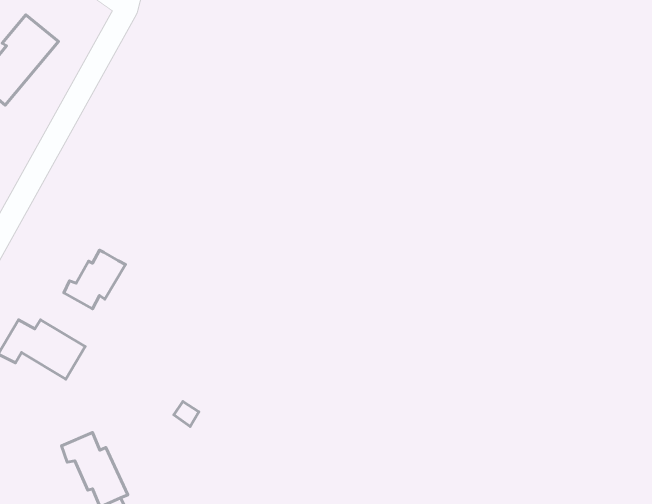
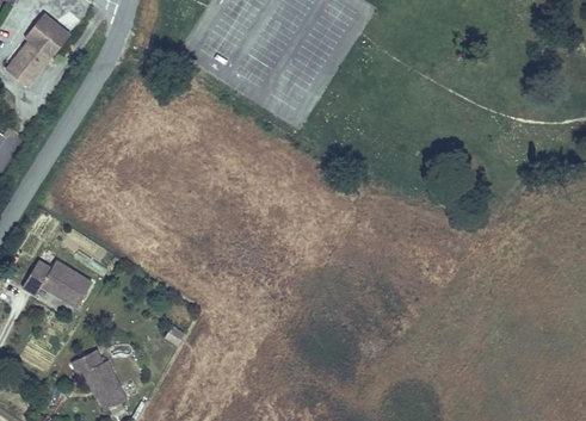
building: [64,250,125,309] -> none

